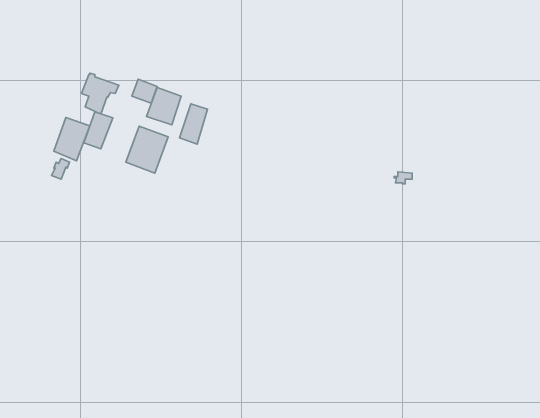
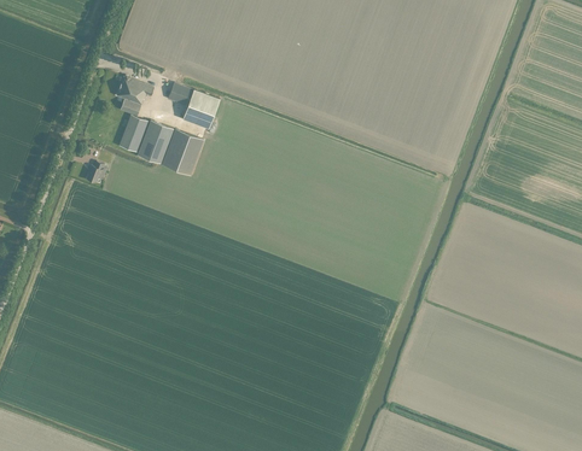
building: [179,104,208,144] -> none
building: [54,117,90,161] -> [136,121,173,164]

